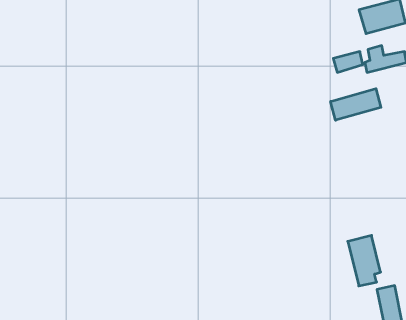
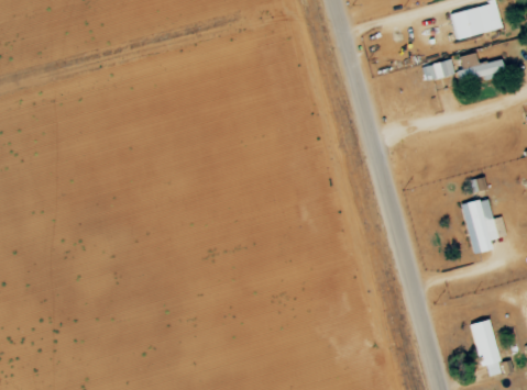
building: [331,89,381,120] -> none
building: [348,235,381,286] -> [461,198,497,254]

